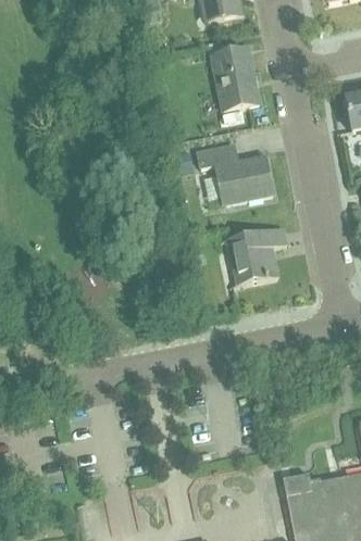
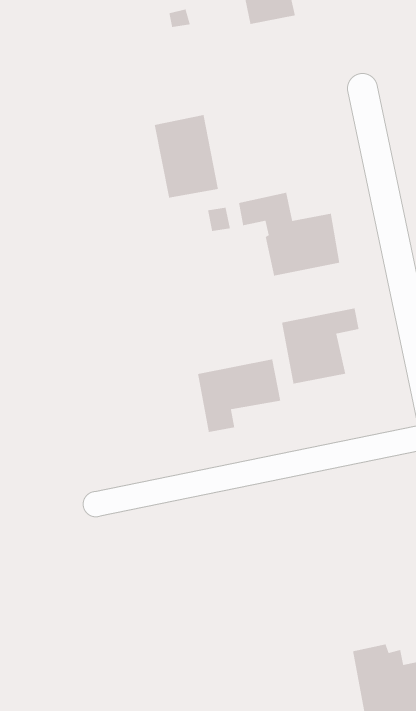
building: [211,47,259,109] -> [154,114,219,198]
building: none -> [197,358,281,433]

